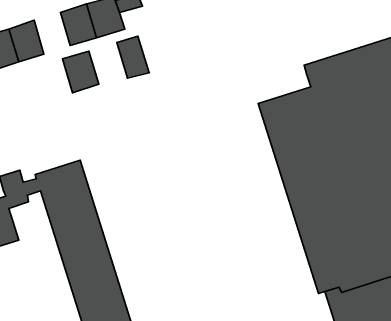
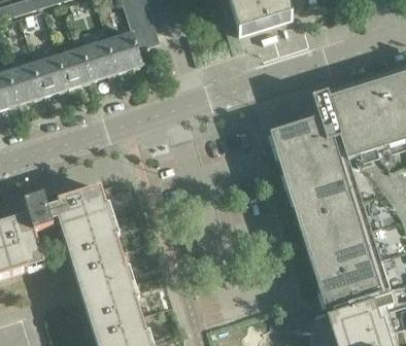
building: [117,36,149,78] -> none
building: [63,51,99,93] -> [58,48,92,88]

